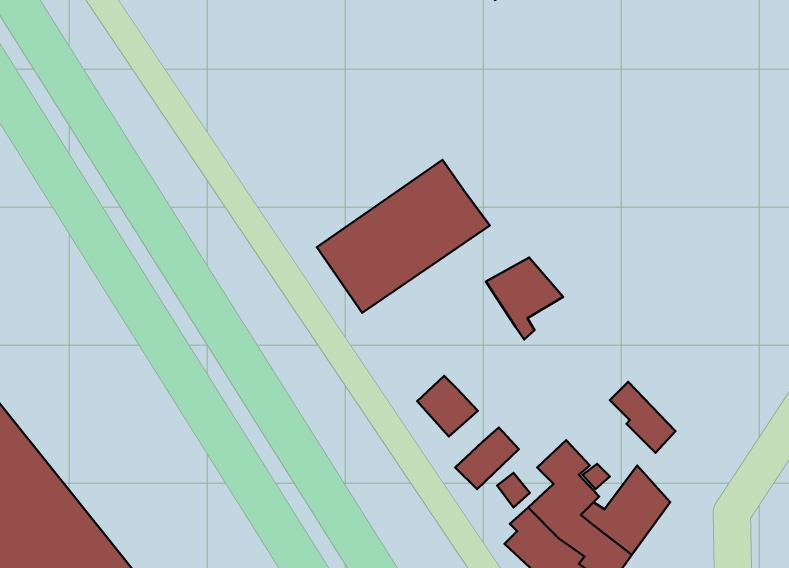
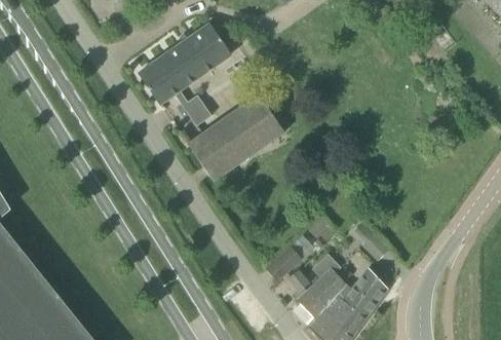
building: none -> [138,25,229,125]
building: [486,257,563,339] -> none
building: [417,376,478,436] -> none

